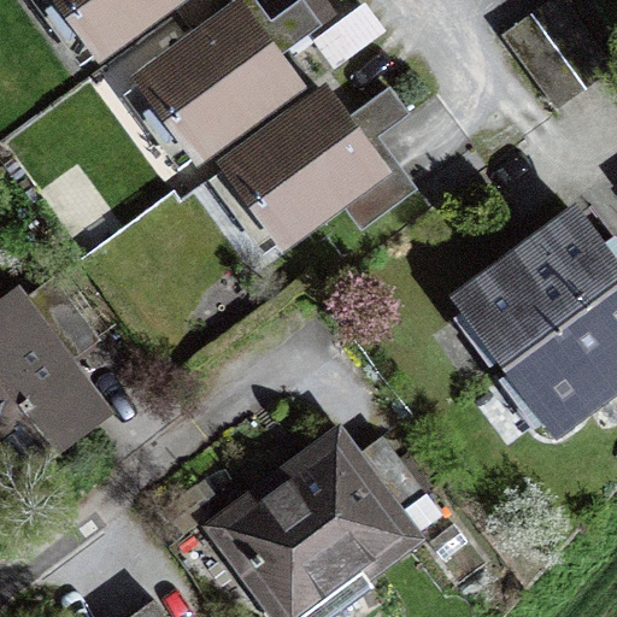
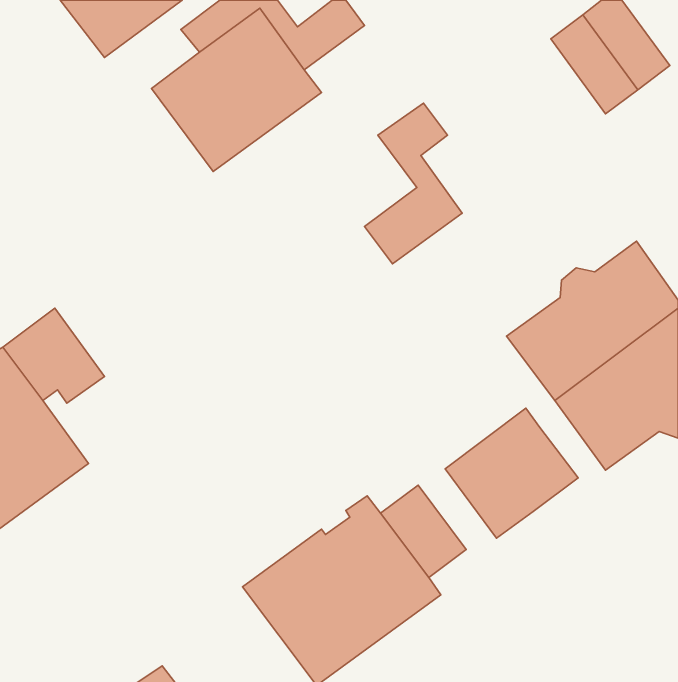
building: [221,95,375,243] -> none
building: none -> [445,408,578,538]

